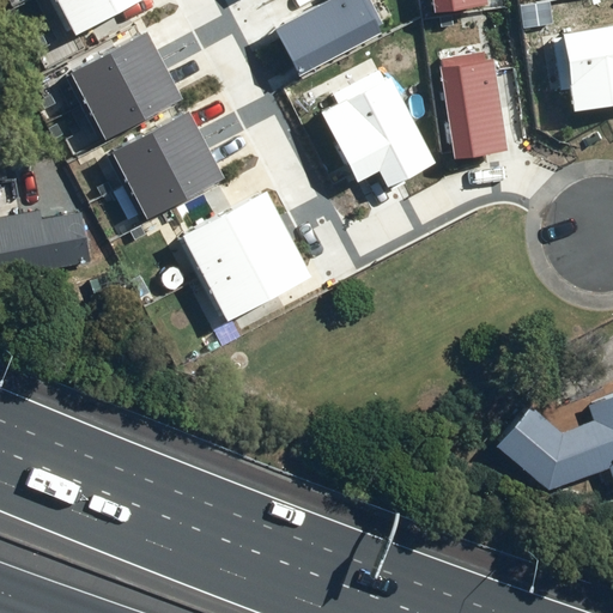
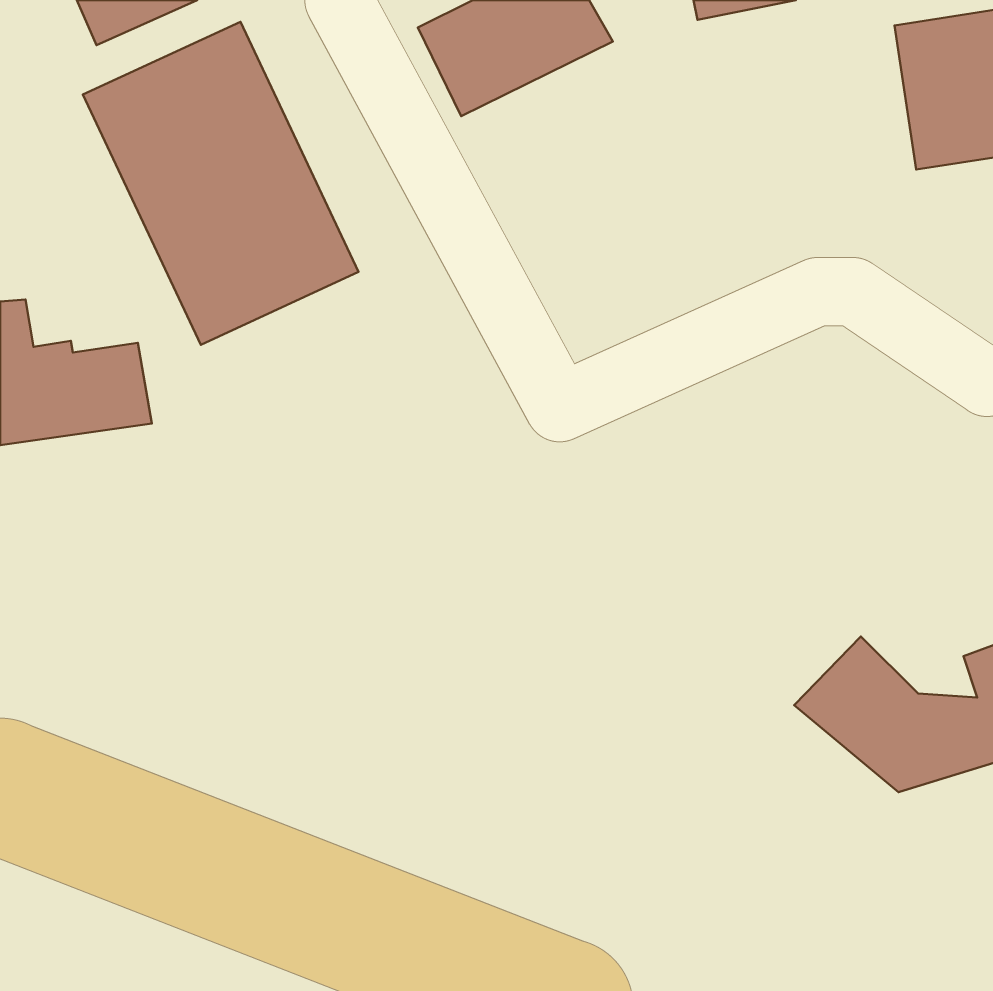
building: [442,49,520,160] -> none
building: [314,67,442,189] -> none
building: [171,184,308,322] -> none

